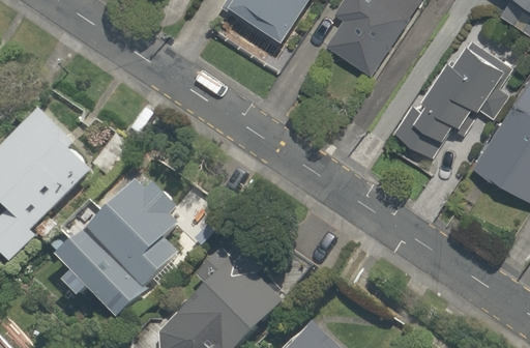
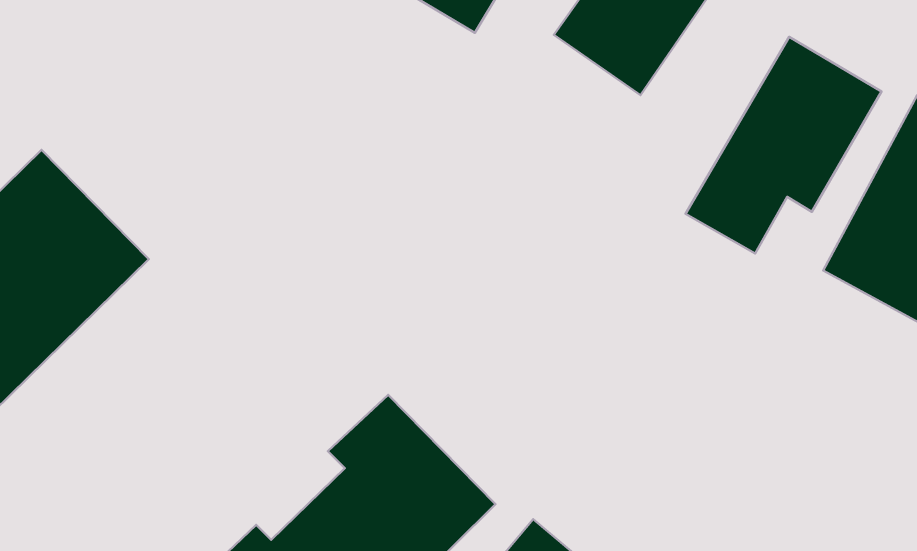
building: [43,168,182,318] -> none

